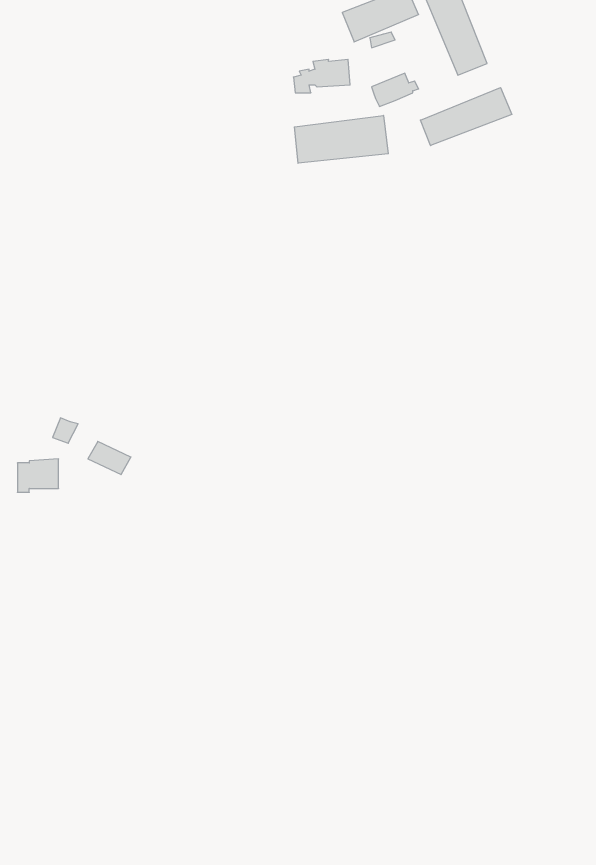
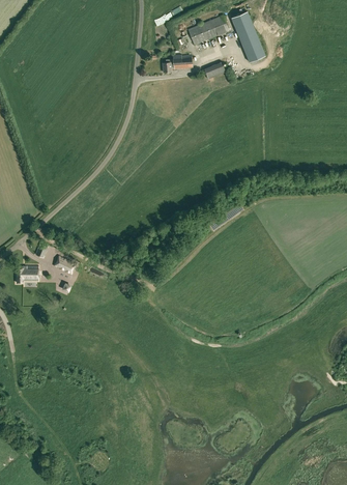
building: [420,88,512,146] -> none
building: [294,115,388,163] -> none

